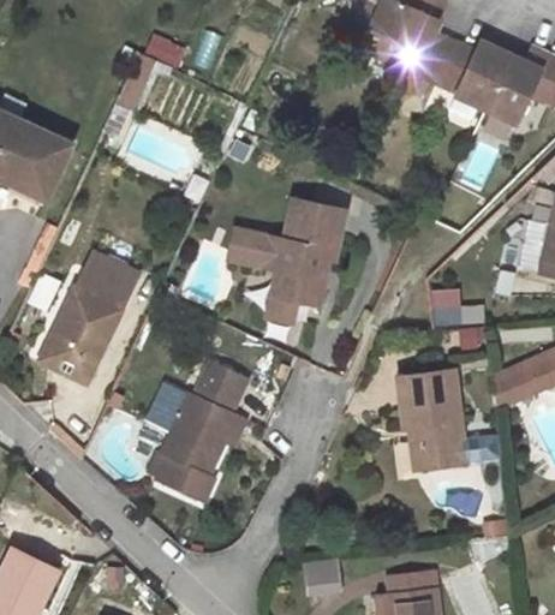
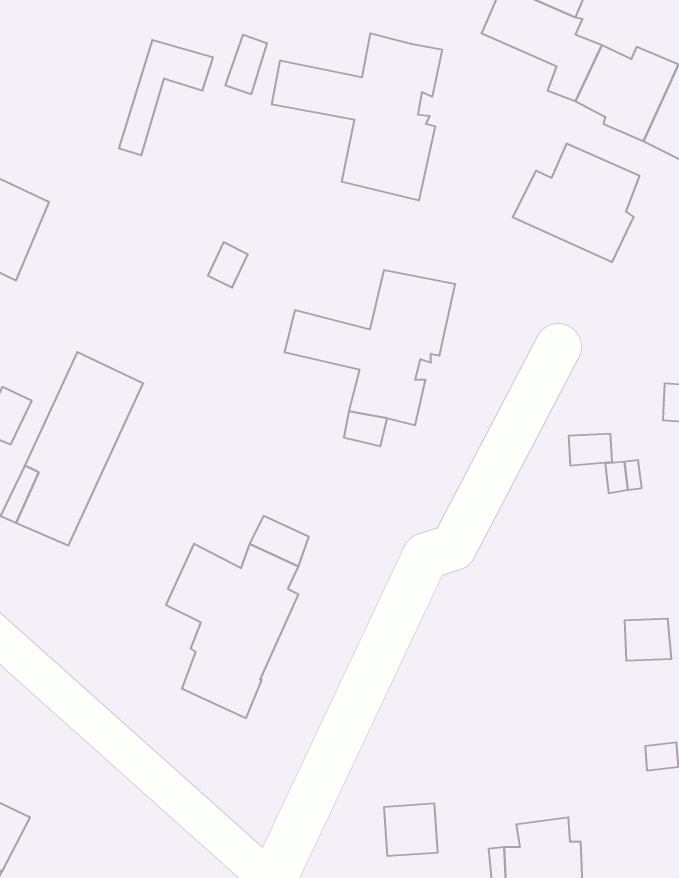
building: none -> [272,33,442,201]
building: none -> [513,143,639,262]
building: [390,371,456,467] -> none

